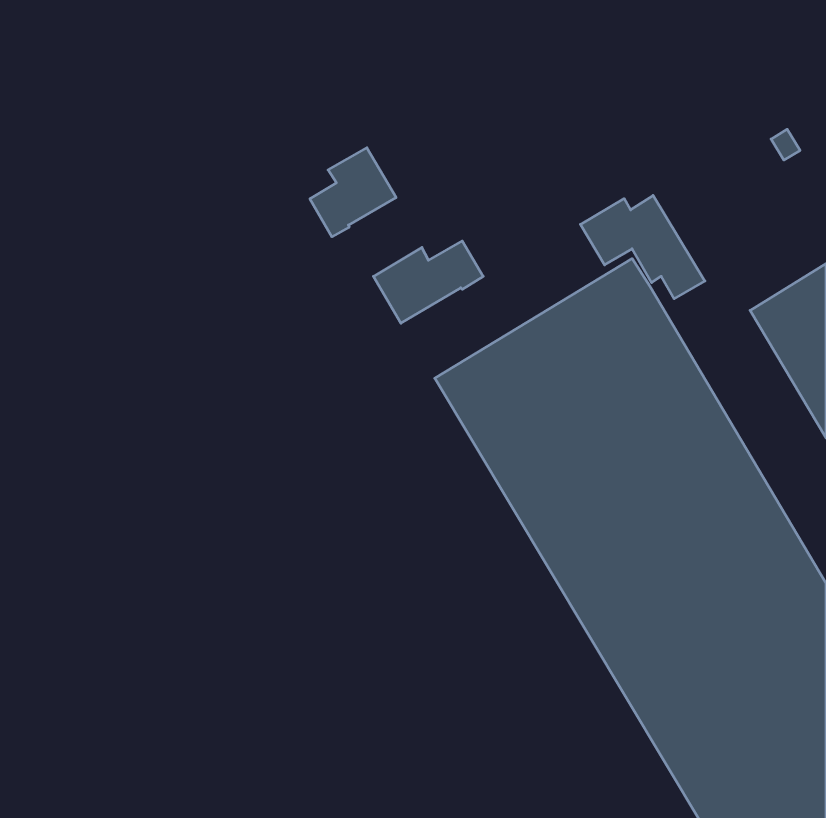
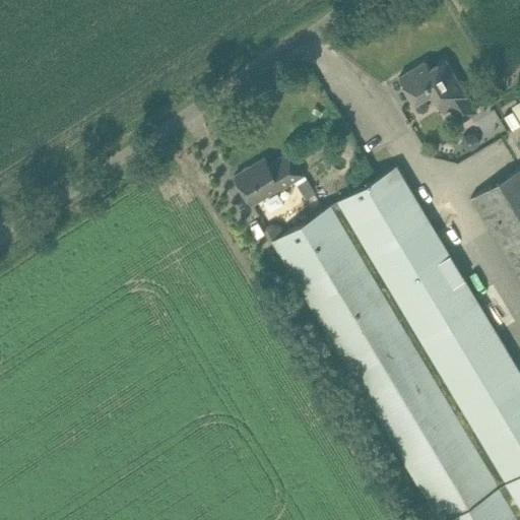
building: [310,148,396,237] -> none
building: [580,195,705,299] -> [399,62,477,127]

